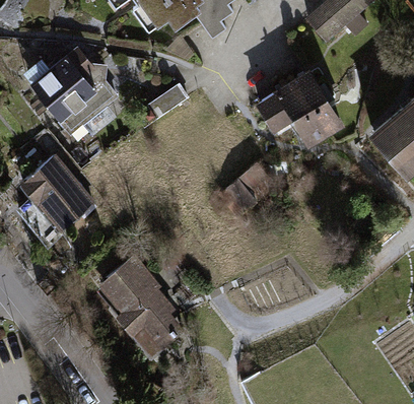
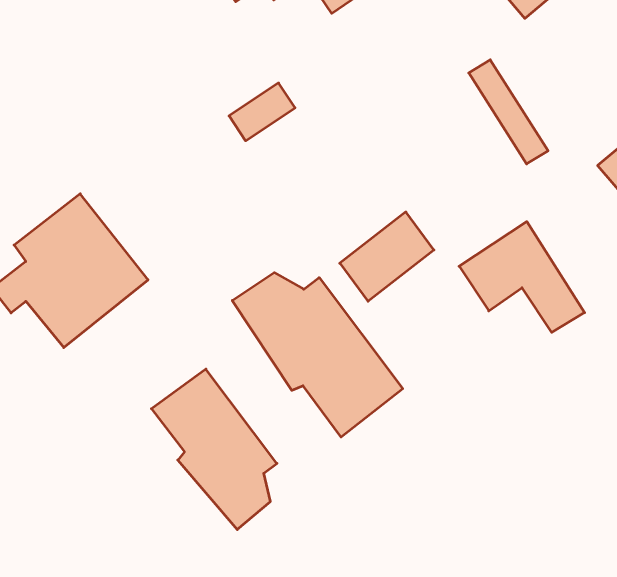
building: [24,47,118,132] -> none
building: [254,76,331,144] -> [459,222,585,332]
building: none -> [232,273,403,437]

